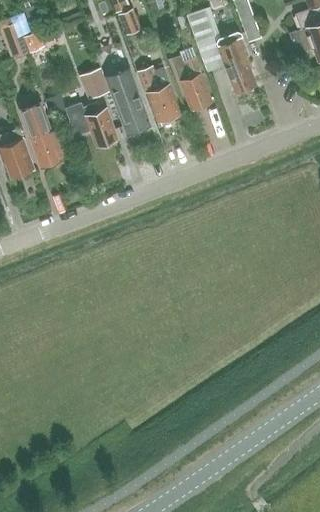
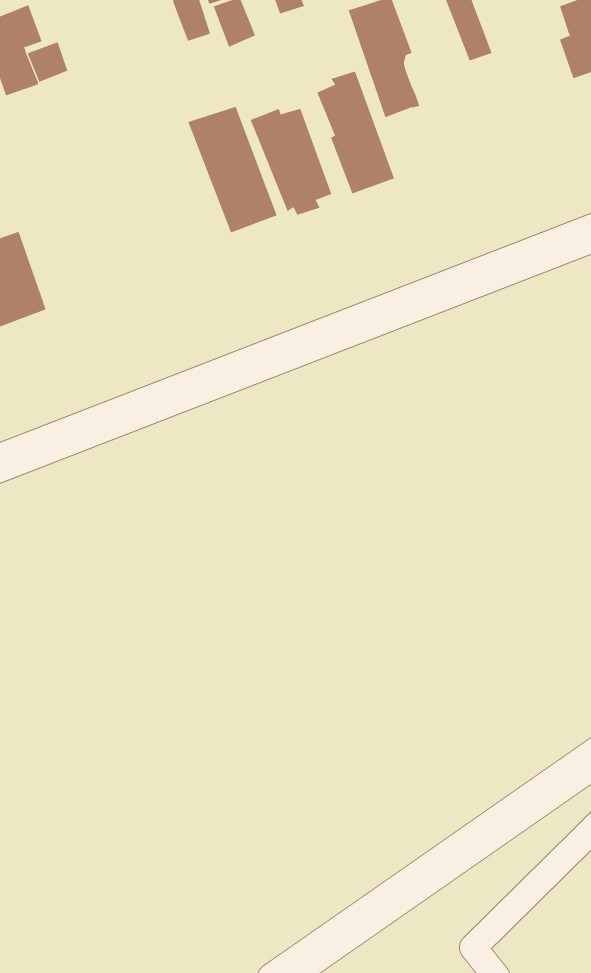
building: [216,32,255,93] -> none
building: [79,69,110,100] -> none
building: [64,102,117,147] -> none
building: [18,103,64,167] -> none

